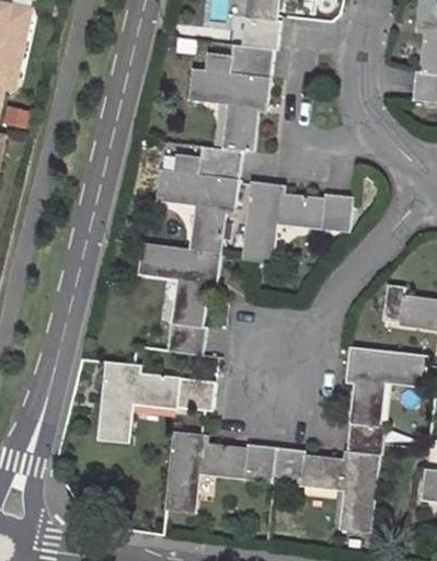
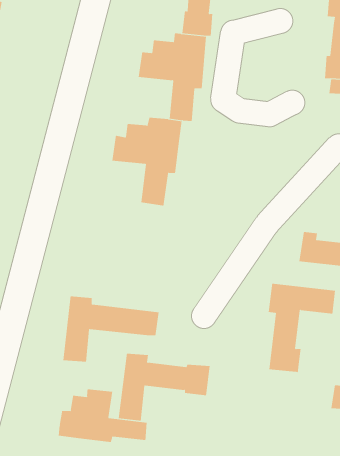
building: [242,182,354,263] -> none
building: [139,244,220,355] -> none
building: [272,447,379,534] -> none
building: none -> [58,389,147,443]

